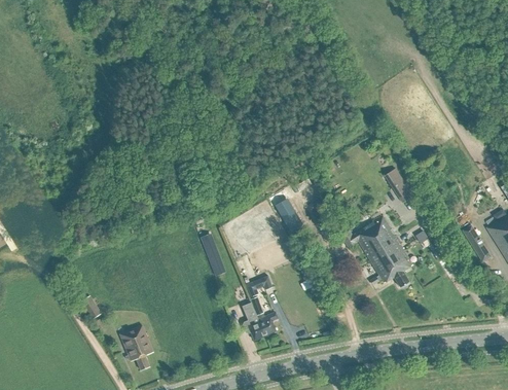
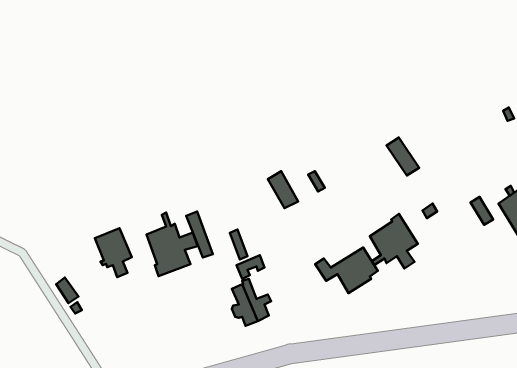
building: [337,215,395,257] -> [315,247,378,293]
building: none -> [147,213,197,276]
building: [119,324,153,369] -> [95,228,132,277]

